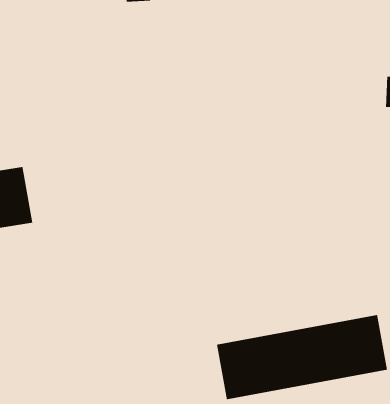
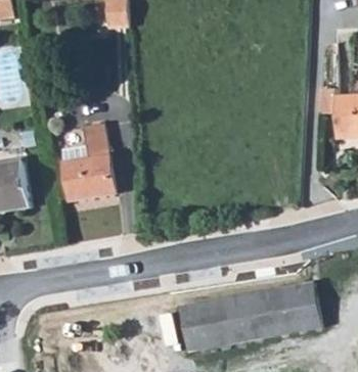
building: none -> [62,125,115,200]

